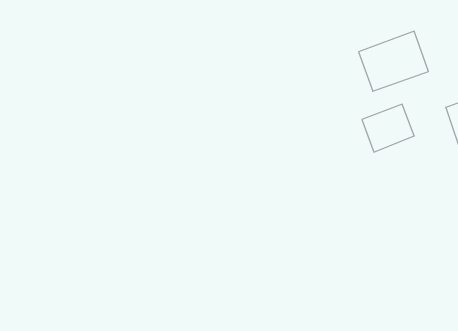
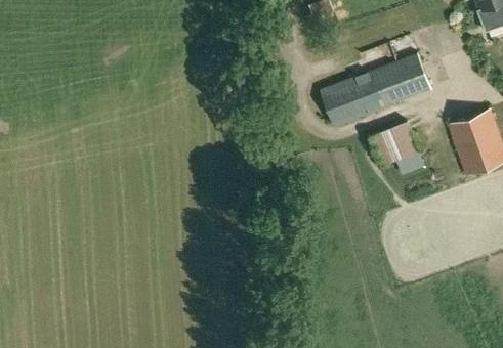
building: none -> [321,73,379,127]

